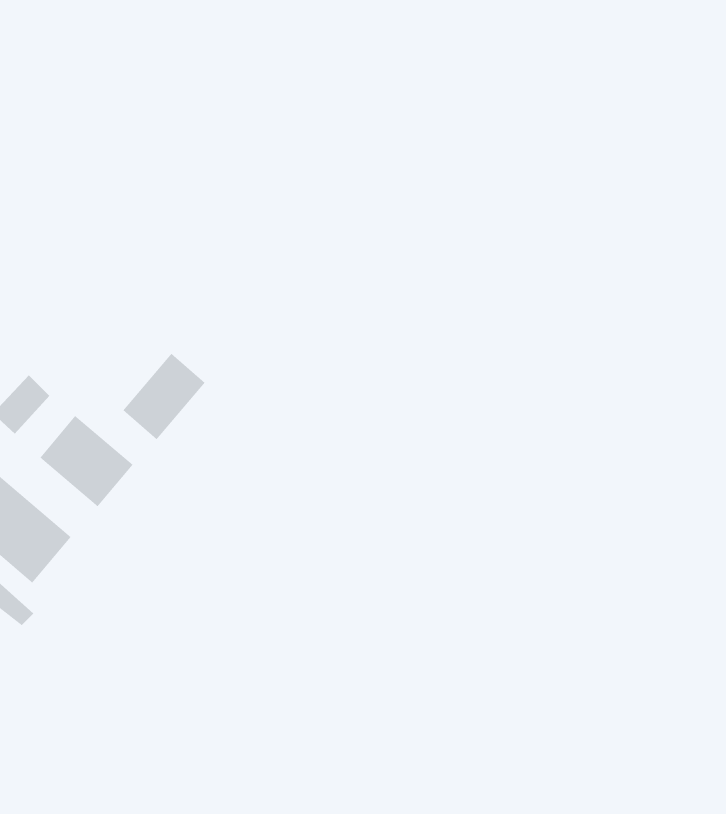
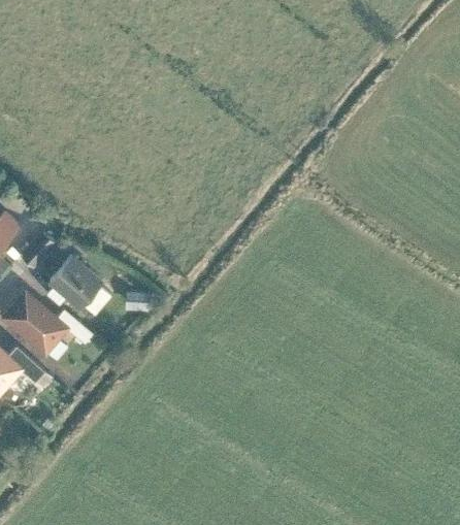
building: [122,353,206,440] -> none

